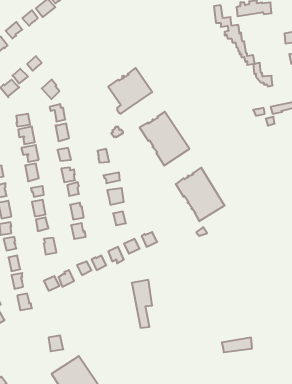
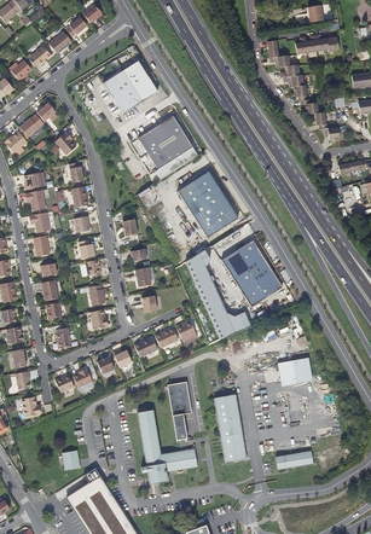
building: none -> [102,60,156,115]
building: none -> [278,356,312,384]
building: none -> [215,394,248,462]
building: none -> [138,408,198,483]

